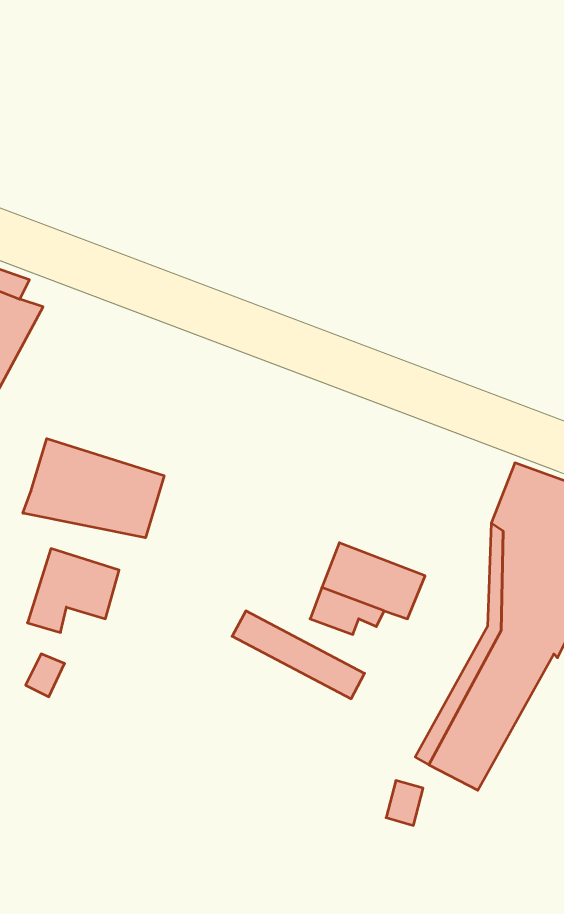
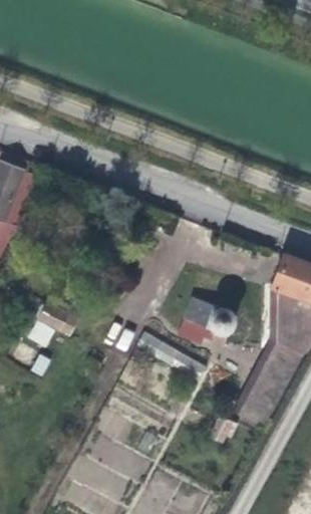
building: [23,439,164,538] -> none

